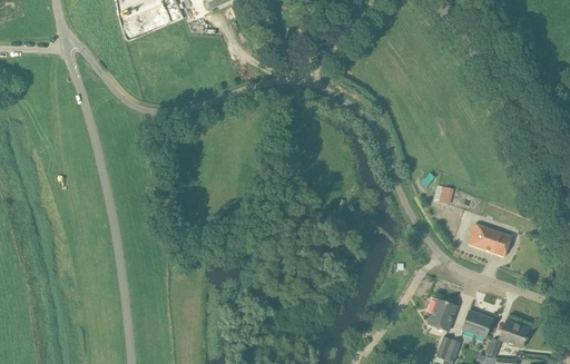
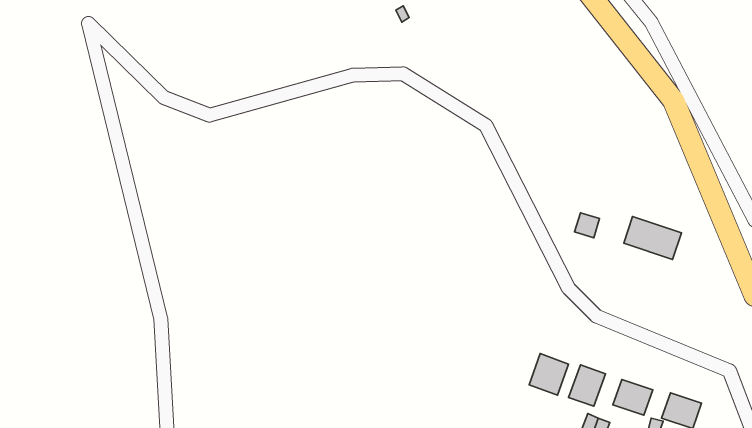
building: [469,224,512,256] -> [624,217,681,259]
building: none -> [529,354,568,395]

